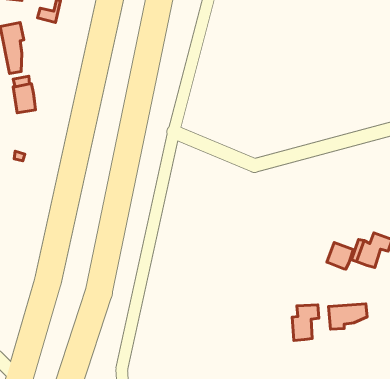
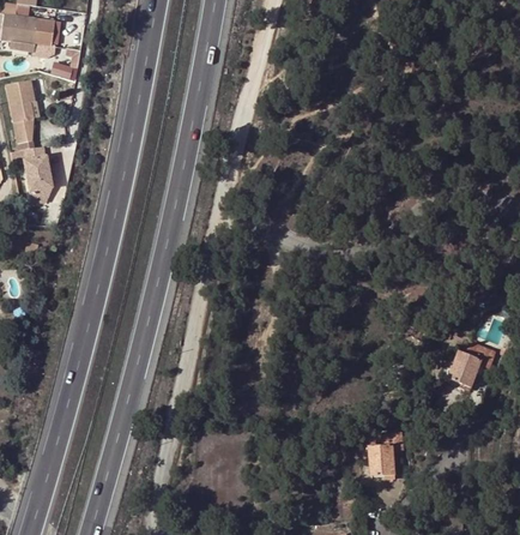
building: [327,242,353,269] -> none
building: [329,304,367,329] -> none

